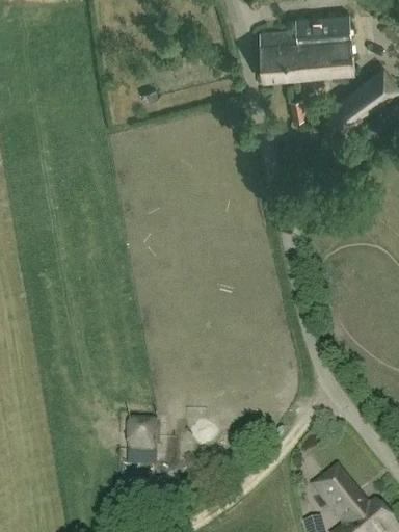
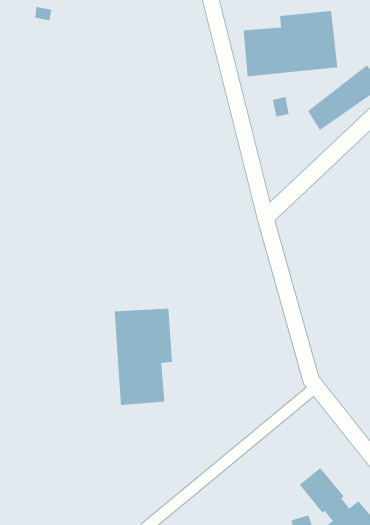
building: none -> [114,308,173,406]
building: [127,422,158,453] -> none

